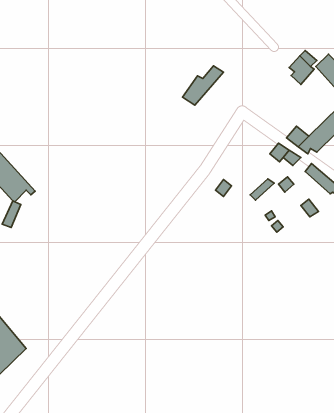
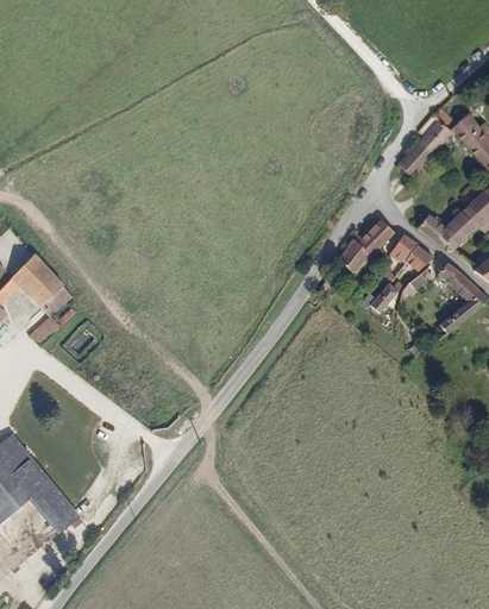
building: [183,66,223,105] -> [339,222,394,275]
building: none -> [402,145,433,178]

